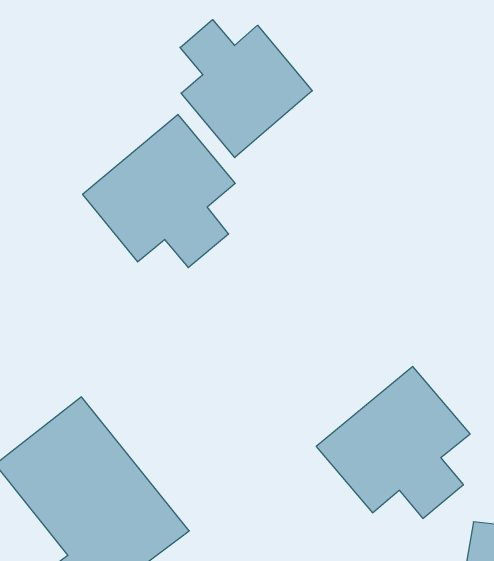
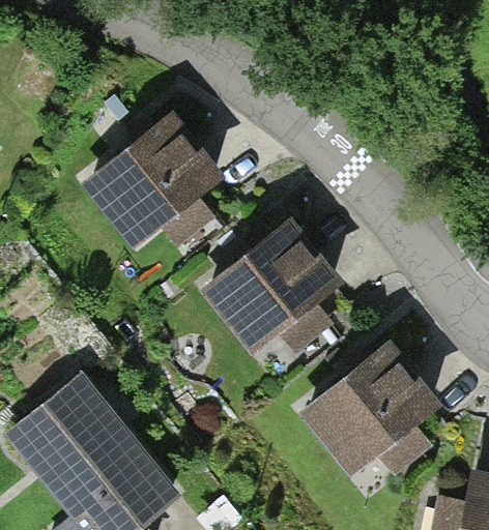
building: [180,20,312,158] -> none
building: none -> [205,223,346,362]

